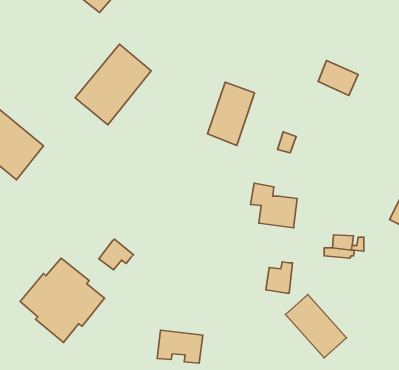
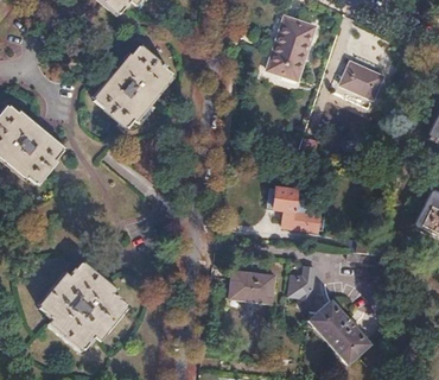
building: [208,82,254,145] -> [267,14,314,78]
building: [99,239,133,270] -> none
building: [157,330,203,363] -> [229,270,275,303]

